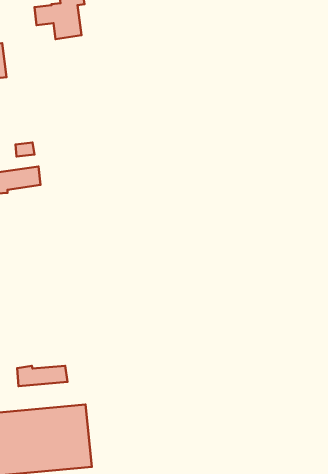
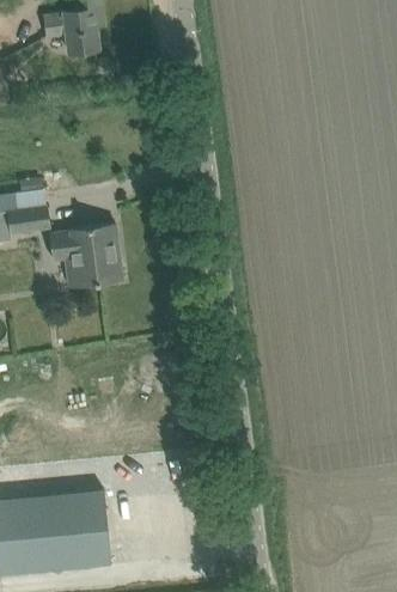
building: none -> [48,225,121,289]
building: [17,366,67,386] -> none

